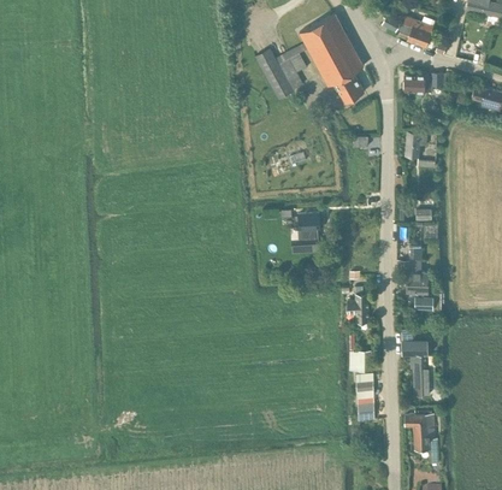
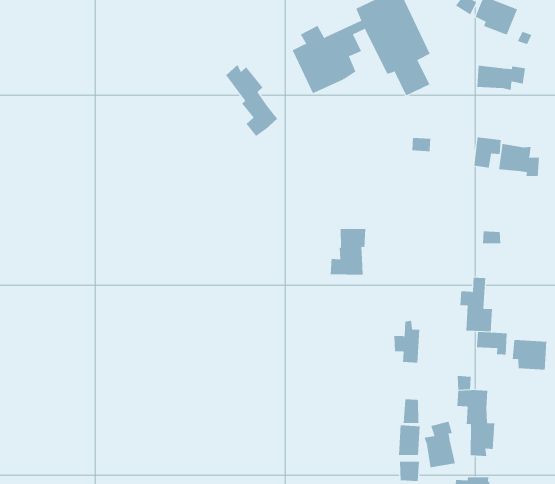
building: none -> [226,64,278,137]
building: none -> [498,143,540,177]
building: none -> [512,339,547,370]
building: none -> [424,421,455,468]

